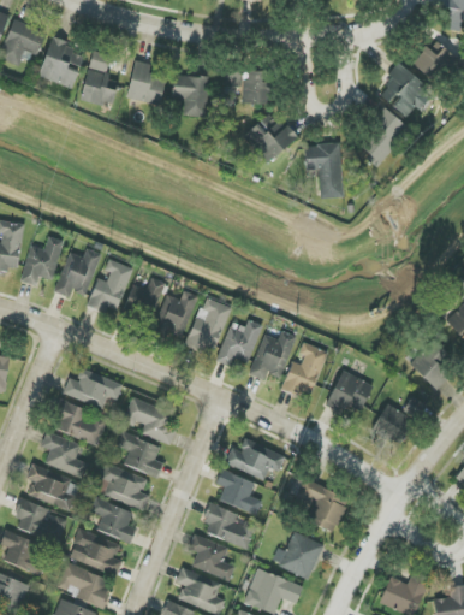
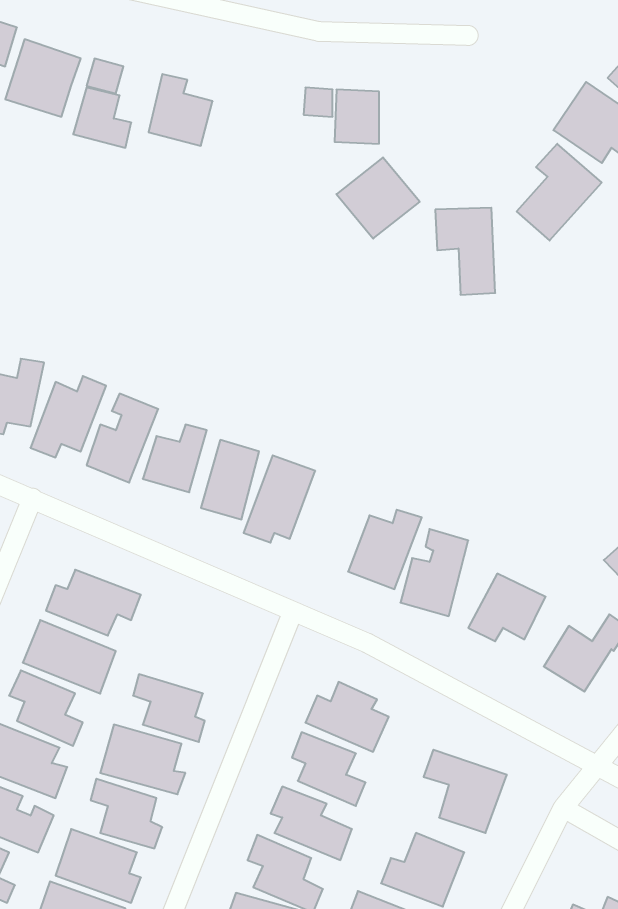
building: [172,75,209,117] -> none
building: [216,320,263,367] -> none
building: [124,397,177,444] -> none

